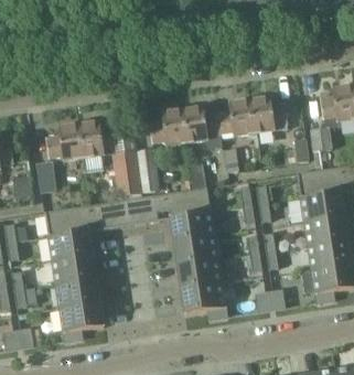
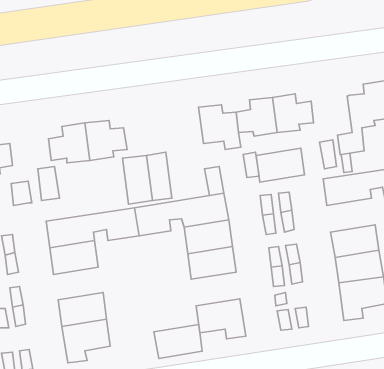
building: [150,108,187,144] -> none
building: [300,191,344,222] -> [256,148,305,182]
building: [51,254,96,283] -> none
building: [176,258,221,289] -> [154,325,202,359]

